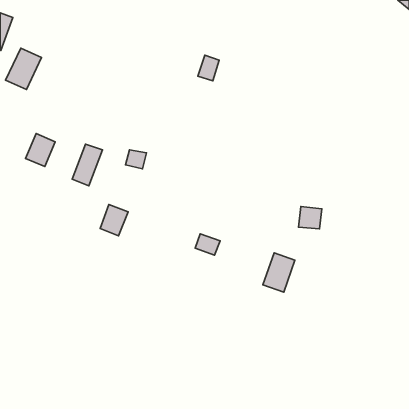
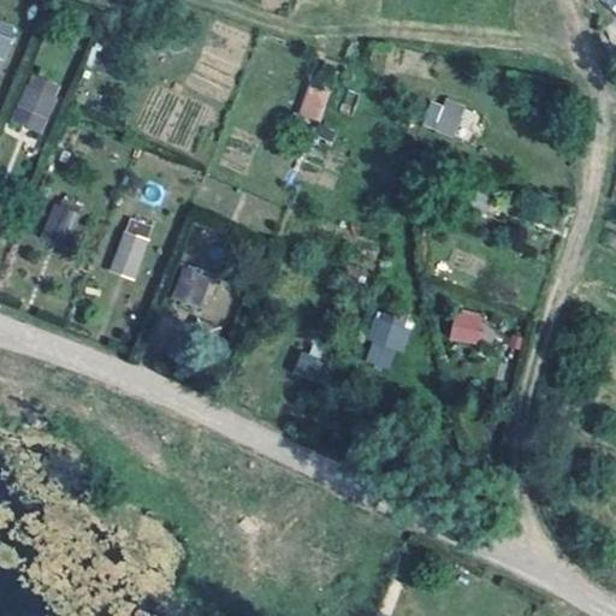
building: none -> [422,97,463,135]
building: [100,205,128,236] -> [171,262,213,309]
building: [263,253,295,292] -> [361,313,409,372]

